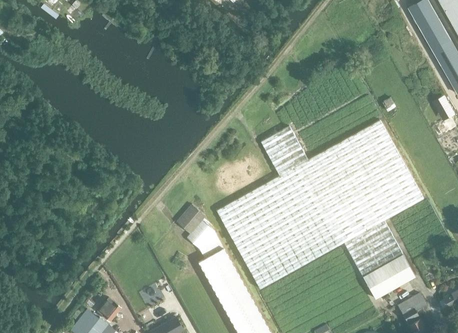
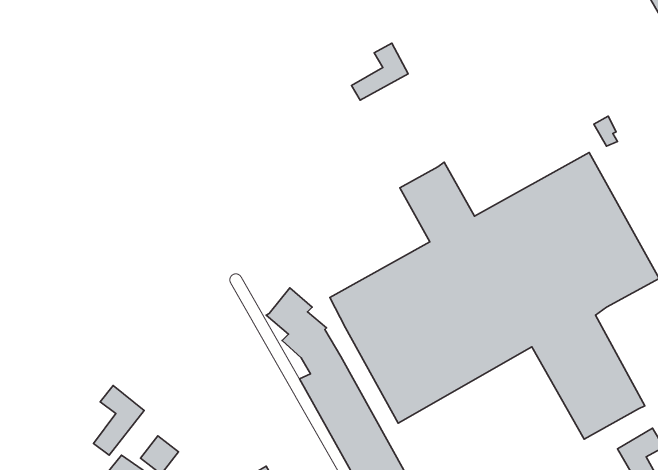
building: none -> [352,43,408,100]
building: none -> [94,385,144,455]

